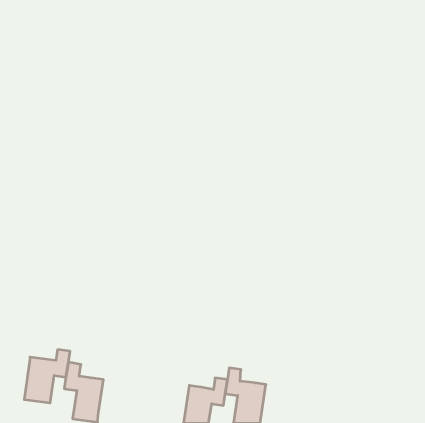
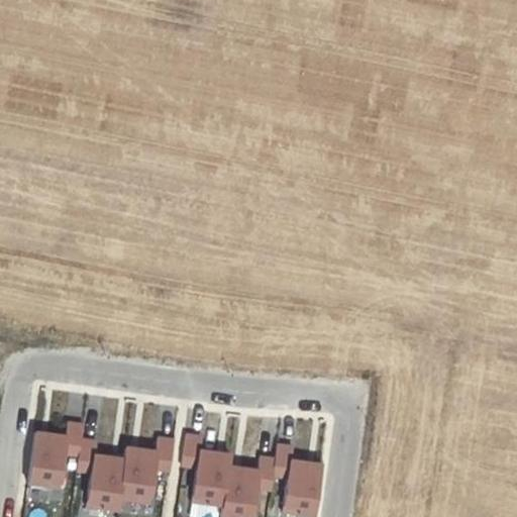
building: none -> [183,434,230,507]
building: none -> [119,438,175,504]

